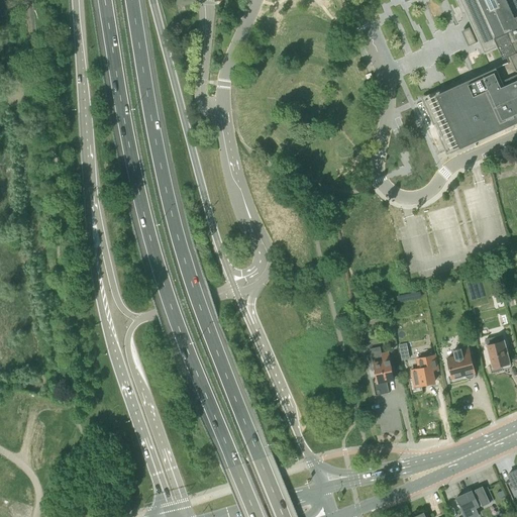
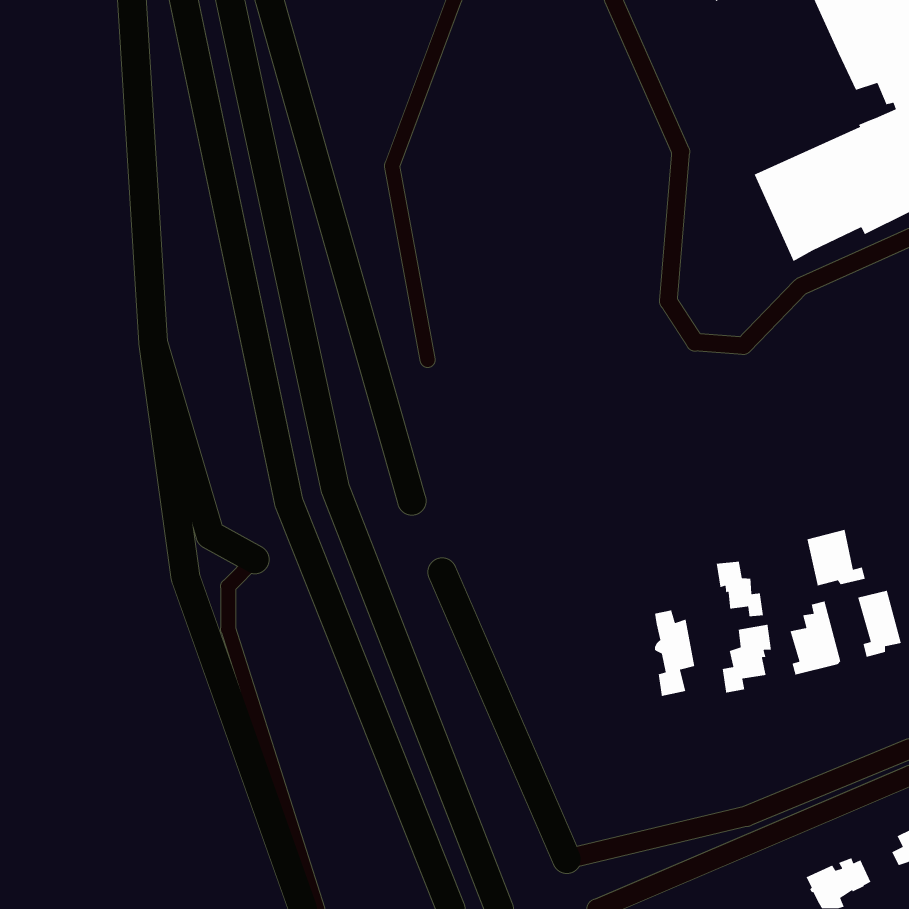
building: none -> [806,529,866,587]
building: none -> [716,561,764,617]

